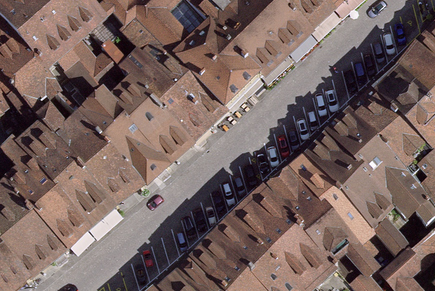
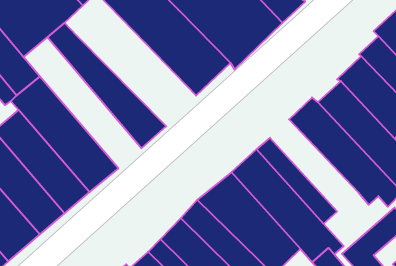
building: [102,15,226,141] -> none
building: [46,48,169,185] -> none
building: [303,134,408,254] -> none

